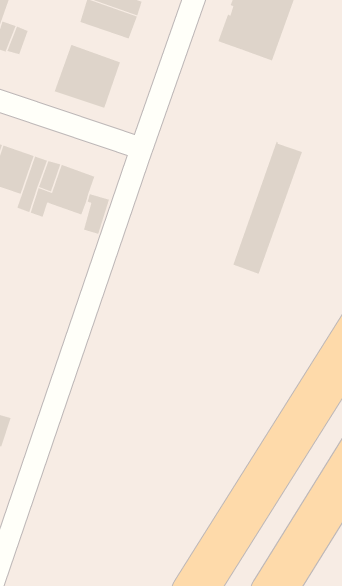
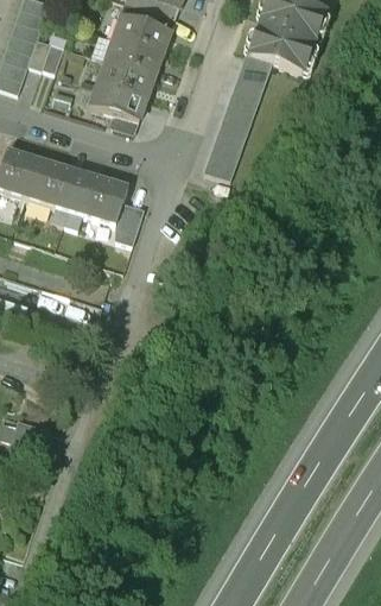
building: none -> [104,37,161,76]
building: [232,141,303,275] -> [203,53,272,184]

